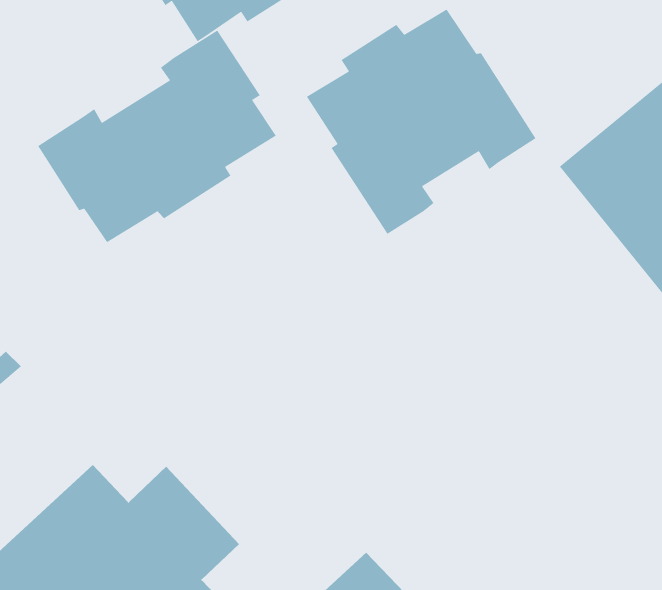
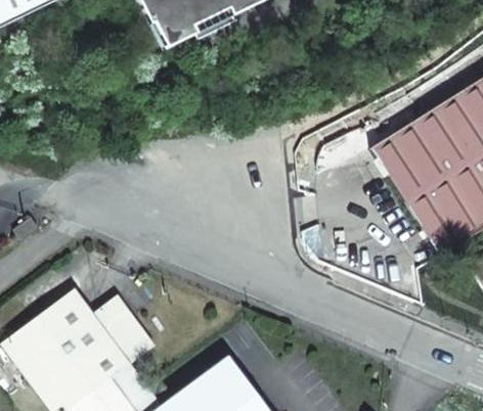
building: [306,9,536,235] -> none
building: [37,30,277,243] -> none

